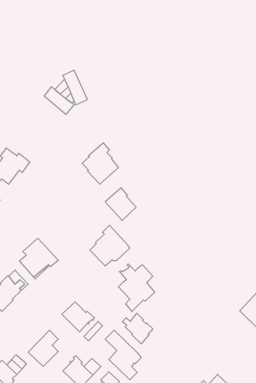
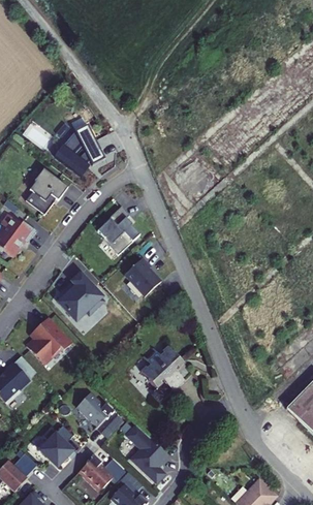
building: none -> [29,167,71,214]
building: [90,225,130,266] -> [60,275,106,322]
building: [122,313,153,344] -> none

